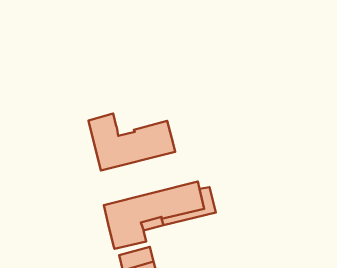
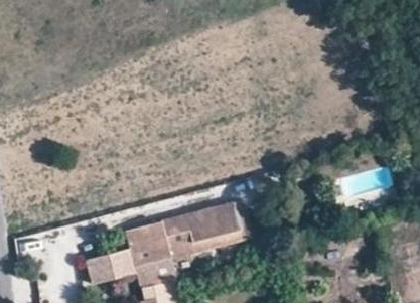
building: [89,114,175,170] -> none
building: none -> [77,251,136,288]

